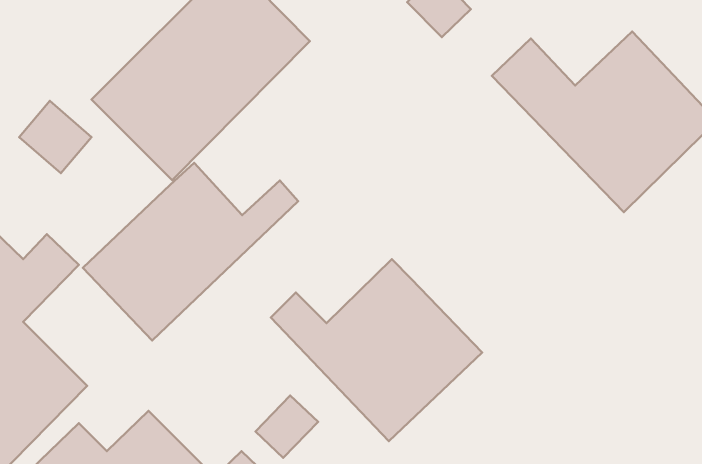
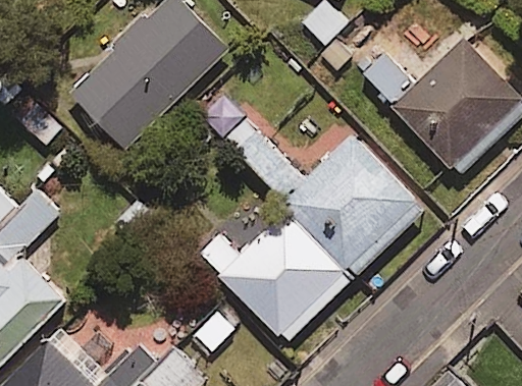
building: none -> [226,123,425,277]
building: [83,163,298,341] -> none

